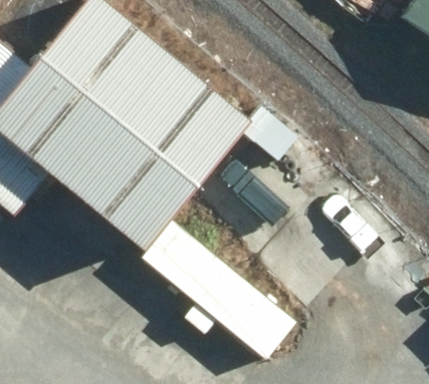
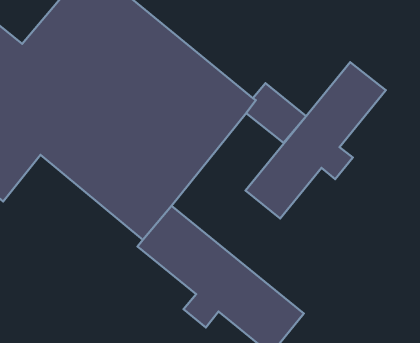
building: none -> [246,62,386,219]

